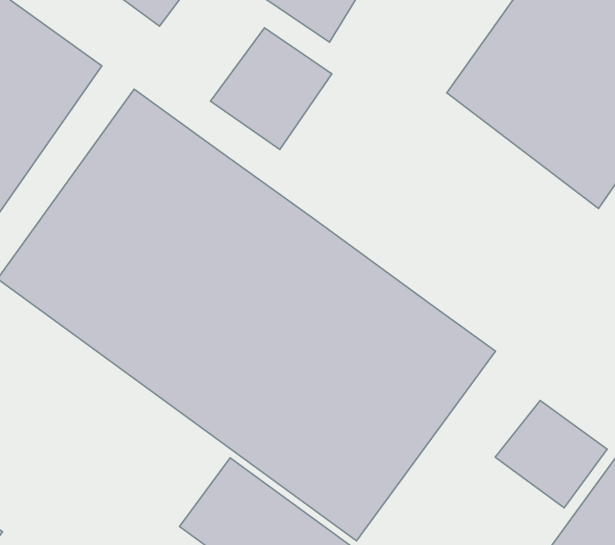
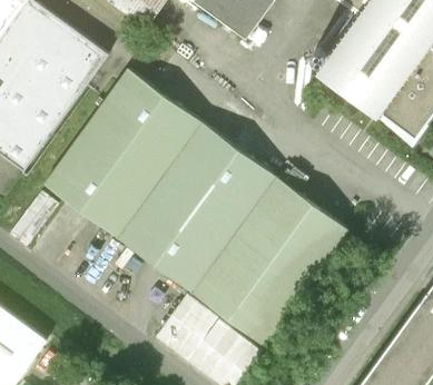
building: [210,28,332,150] -> none
building: [495,401,607,508] -> none

